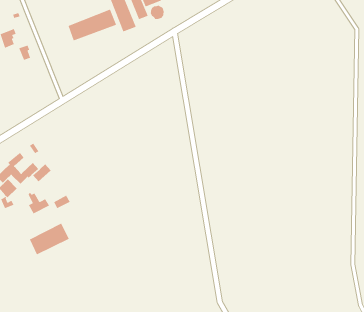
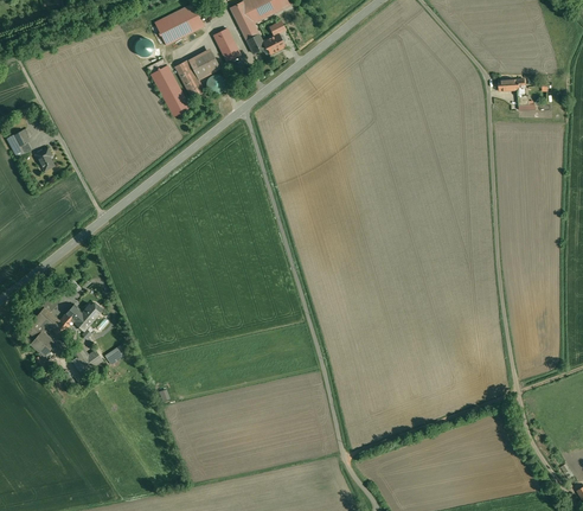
building: [68,9,117,42] -> none
building: [29,223,70,255] -> none

